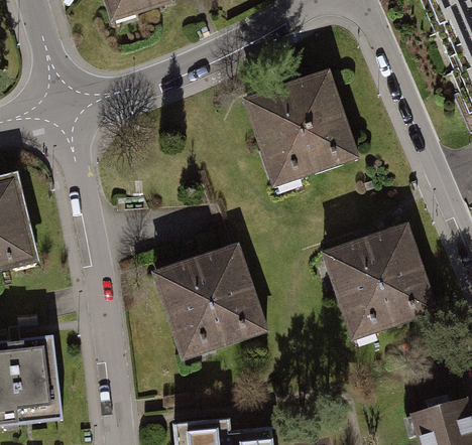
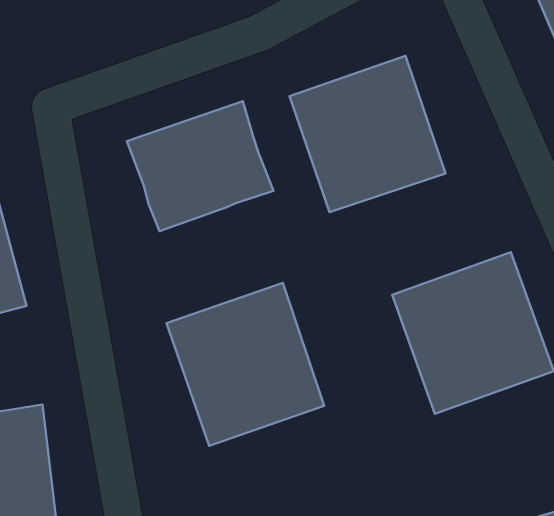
building: none -> [127,101,274,231]

